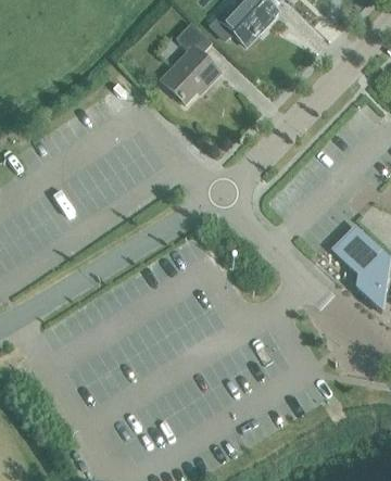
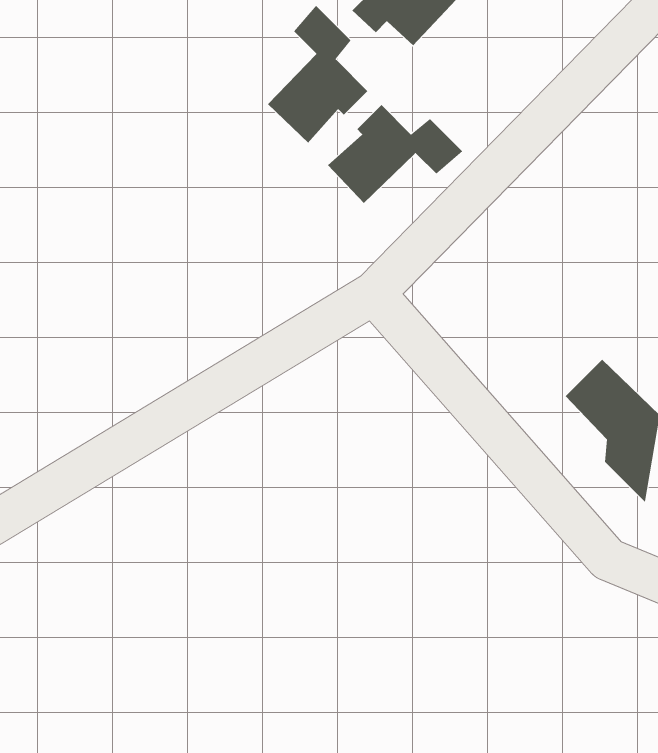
building: none -> [327,104,463,204]

